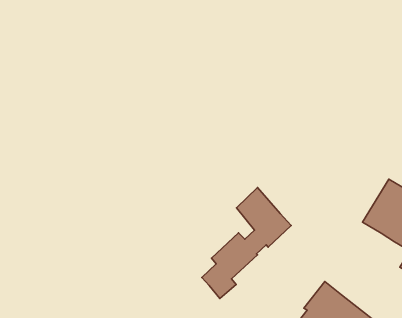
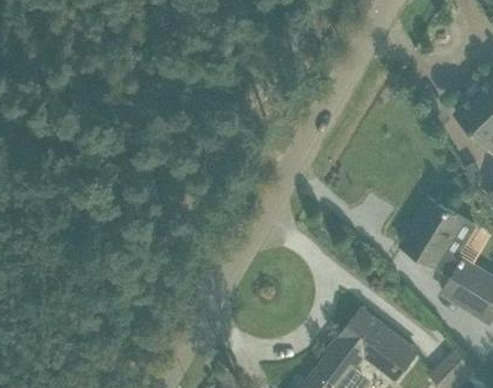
building: [202,187,291,299] -> none

